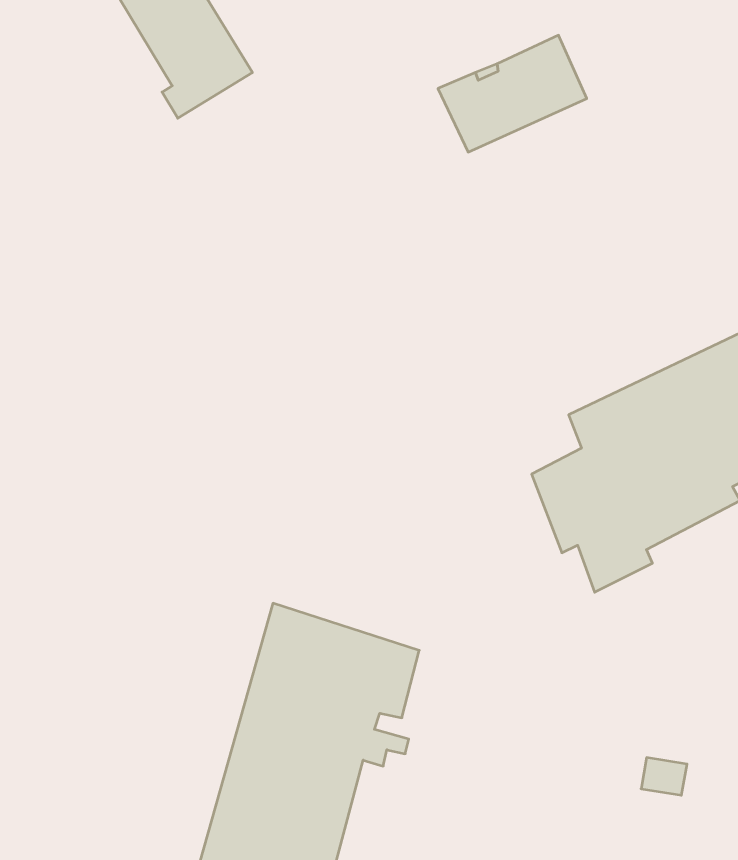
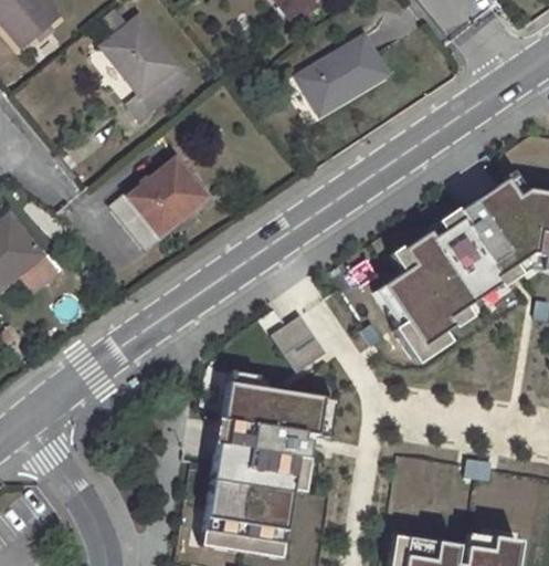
building: none -> [109,155,205,244]
building: none -> [270,310,325,368]

